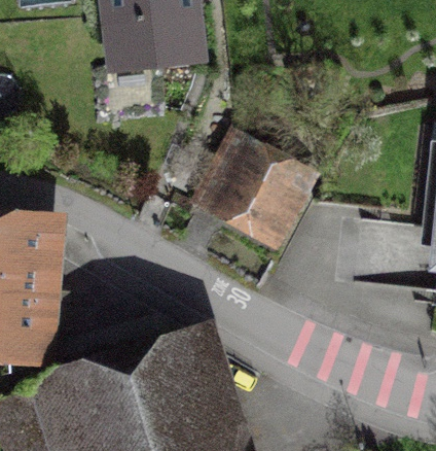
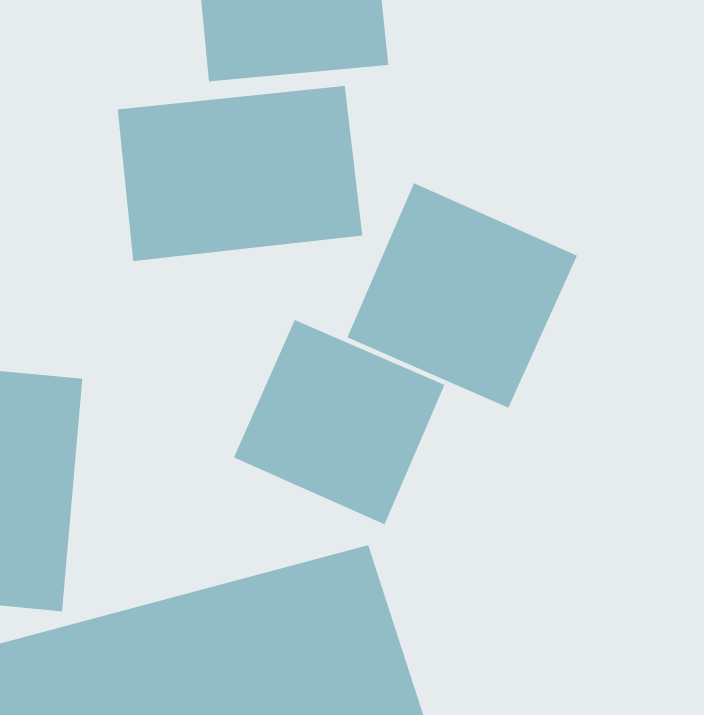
building: none -> [117,85,363,262]
building: none -> [233,319,445,525]

